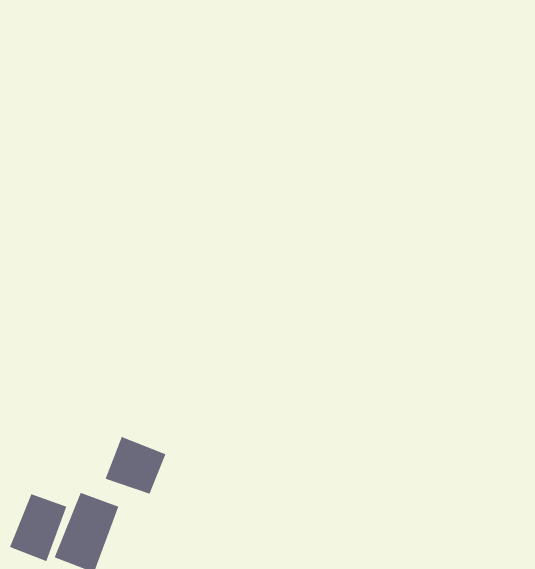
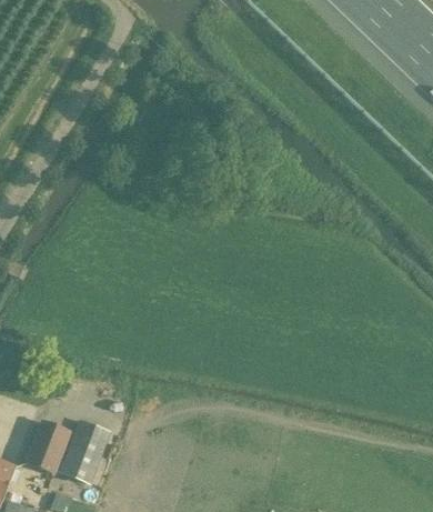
building: [105,436,166,495] -> none

